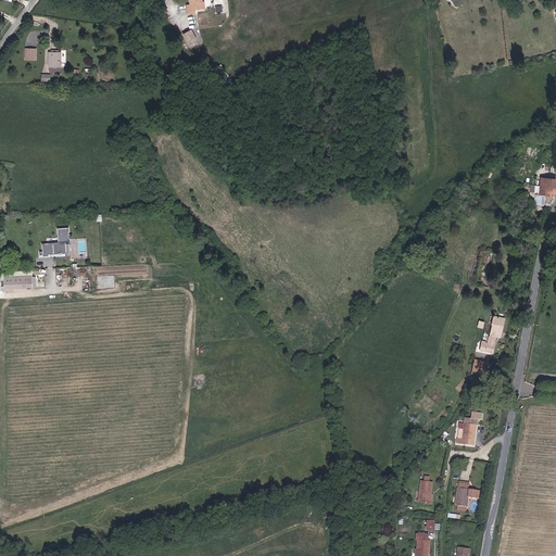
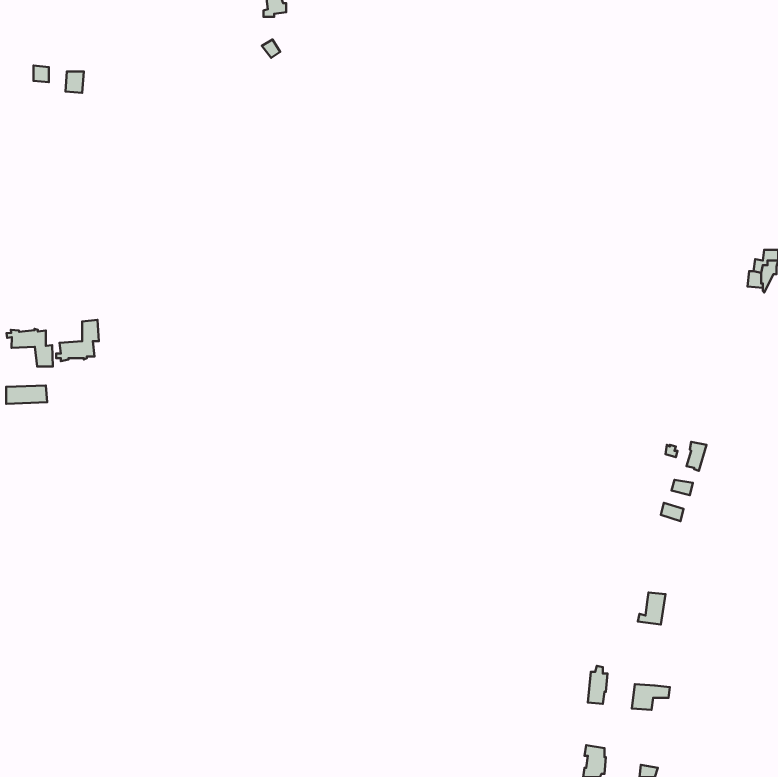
building: none -> [7,329,53,367]

